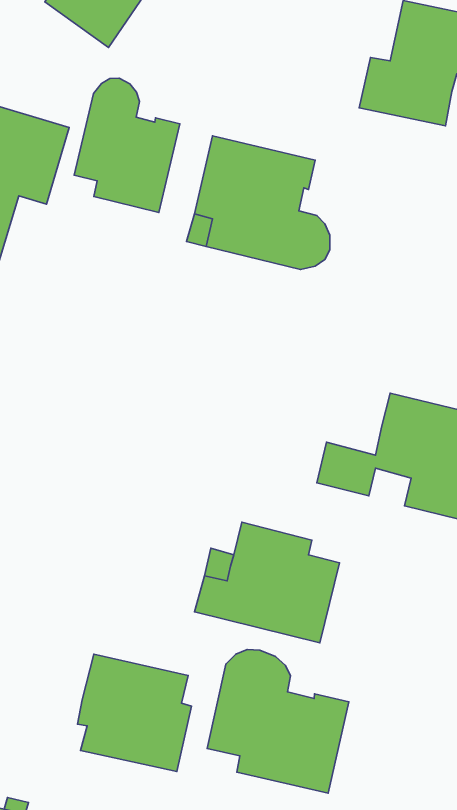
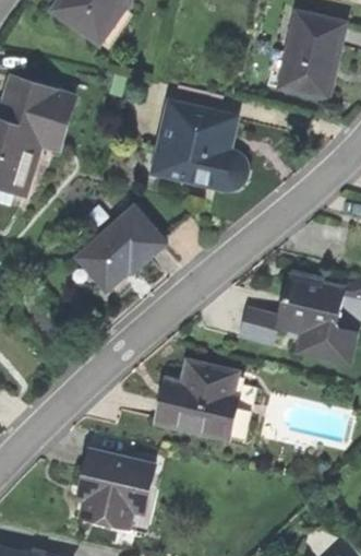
building: [74,78,180,213] -> none
building: none -> [77,209,165,291]
building: [207,649,349,793] -> none

